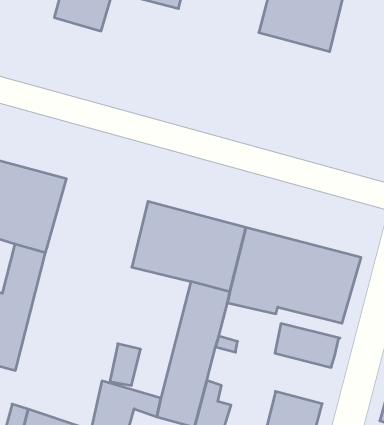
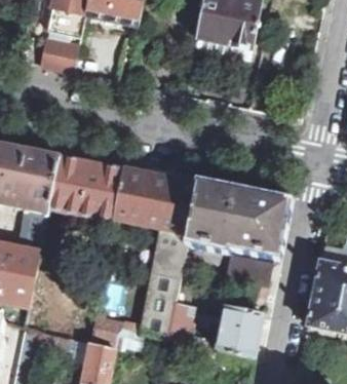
building: none -> [37,34,79,72]
building: none -> [48,155,122,220]

